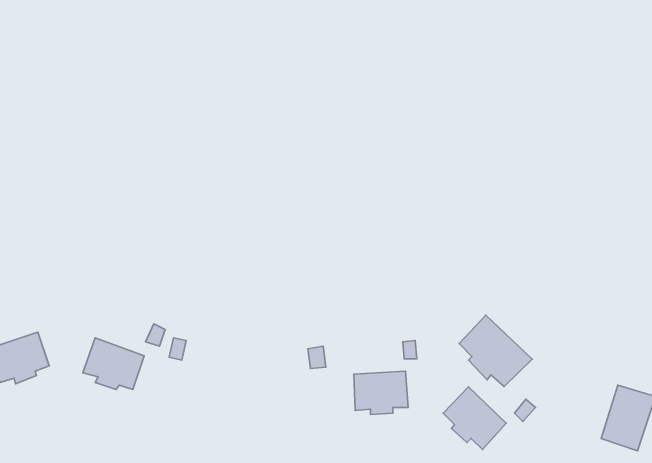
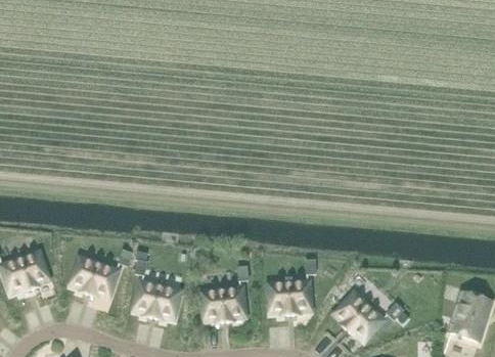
building: [459,315,532,387] -> none
building: none -> [135,283,179,319]
building: none -> [202,289,244,323]

